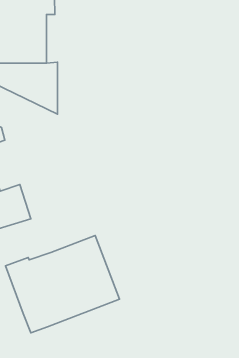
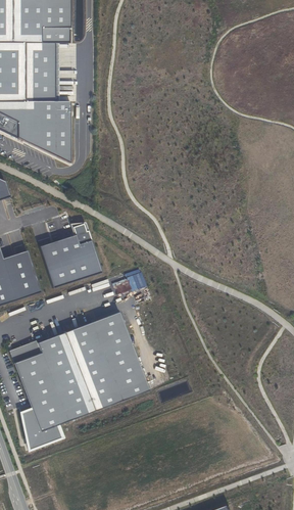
building: none -> [40,222,99,286]
building: none -> [18,407,62,451]

